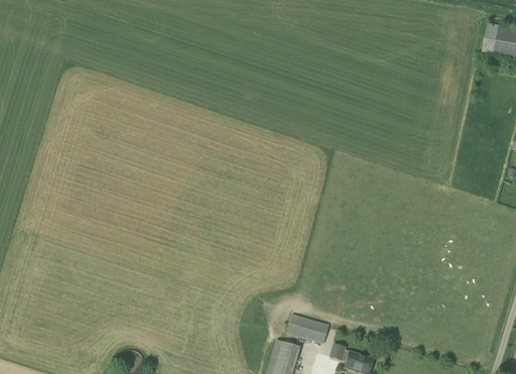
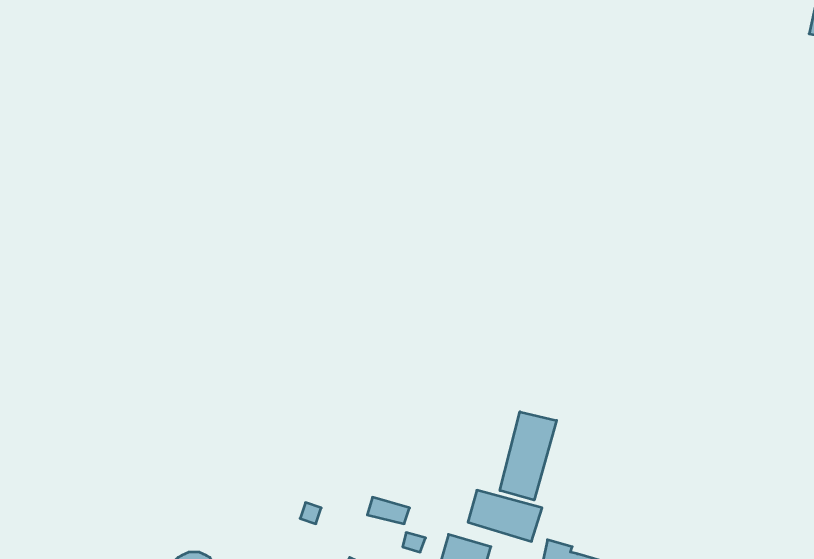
building: none -> [500,412,557,500]

